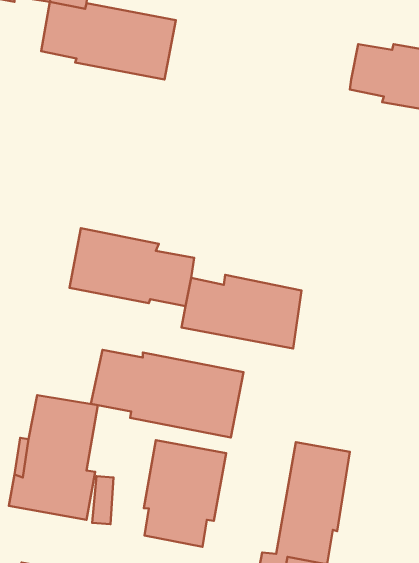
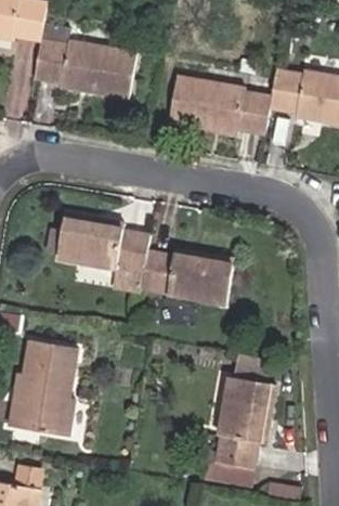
building: none -> [169,76,271,134]
building: [91,350,244,438] -> none
building: [144,440,226,547] -> none

